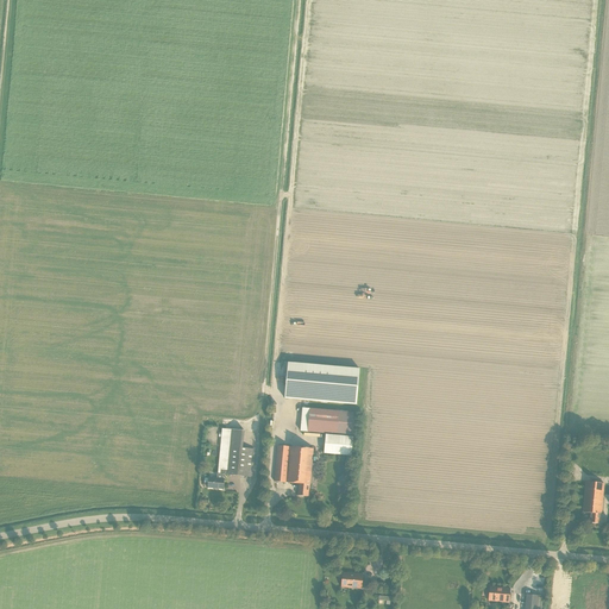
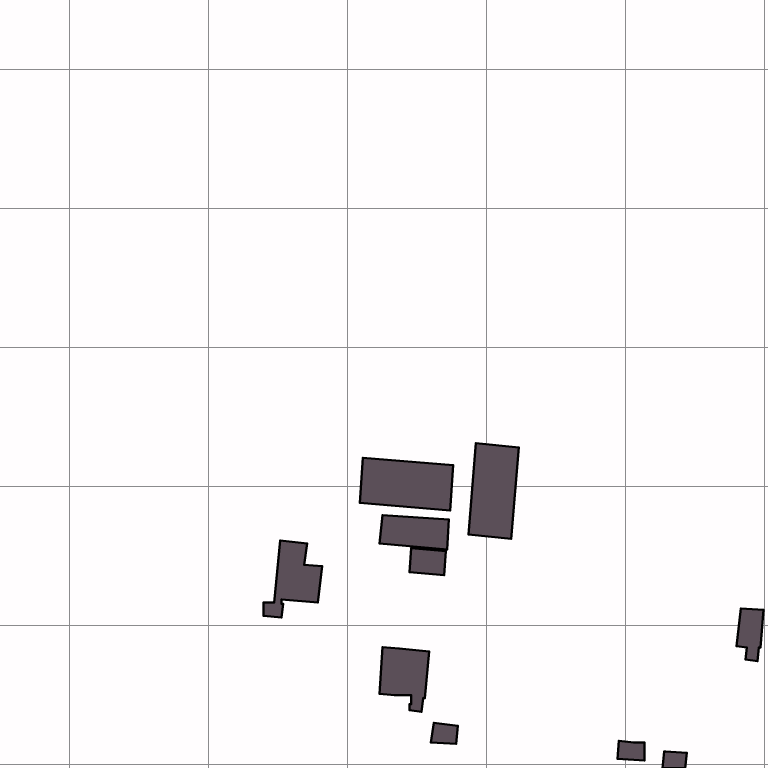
building: none -> [468,443,519,539]
building: [274,444,313,495] -> [379,647,429,712]

